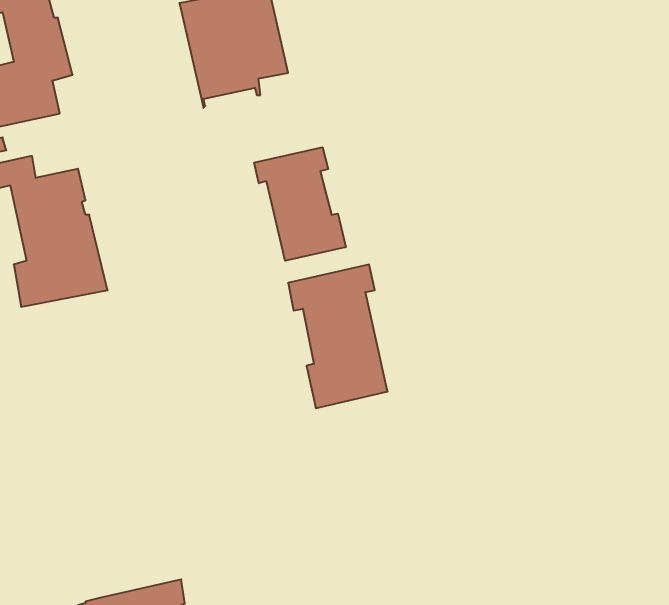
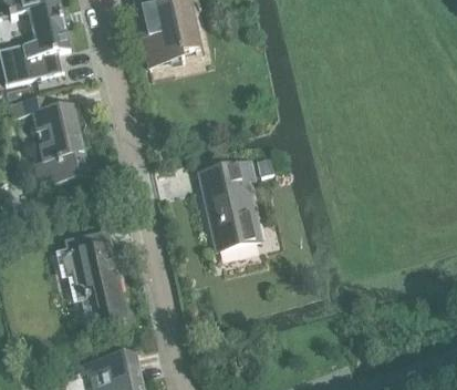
building: [254,147,346,261] -> none
building: none -> [60,230,127,320]

